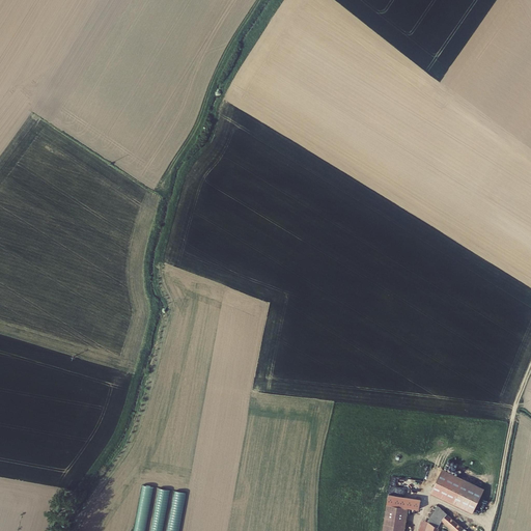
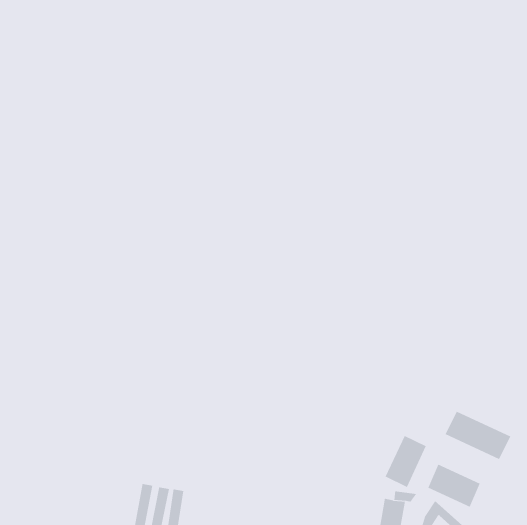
building: none -> [445,411,511,460]
building: none -> [385,435,426,488]

